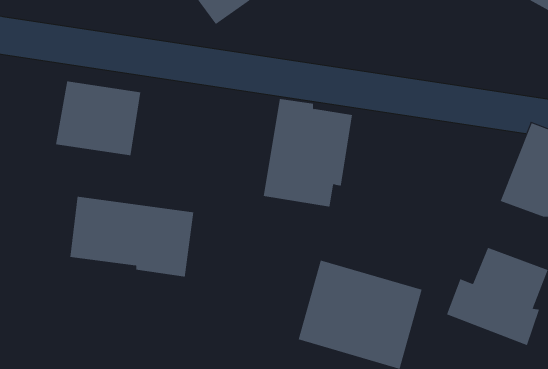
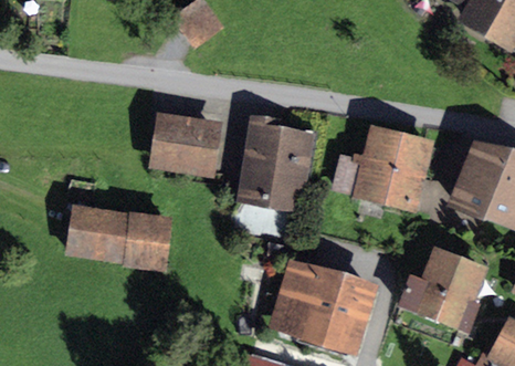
building: [55,81,141,156] -> [147,112,223,178]
building: none -> [330,125,434,212]

